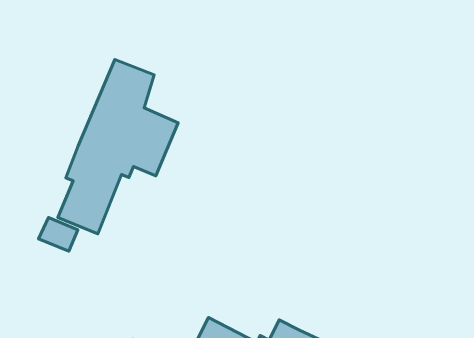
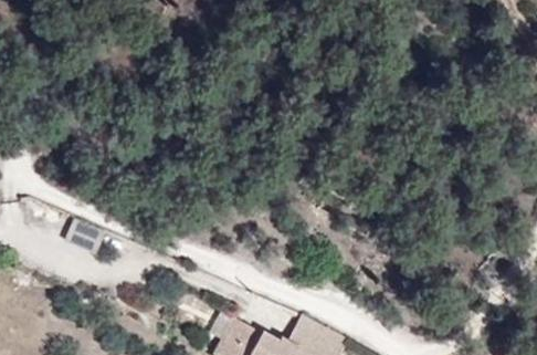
building: [58,59,178,234] -> none

